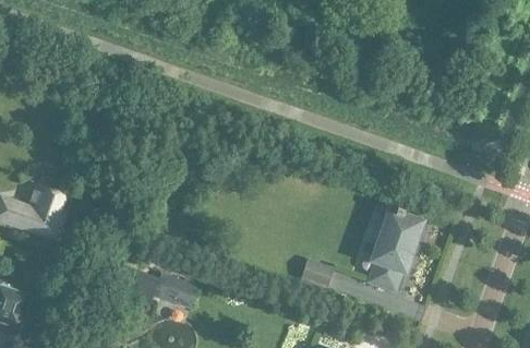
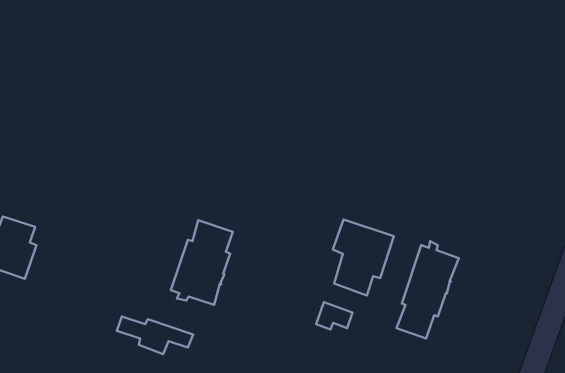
building: none -> [333,219,394,295]
building: none -> [171,220,233,305]

